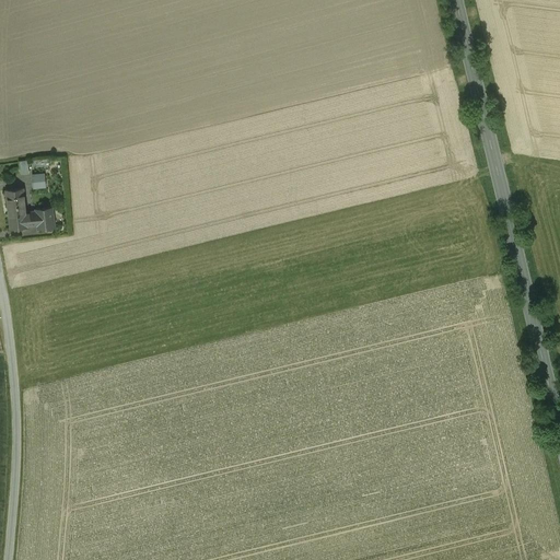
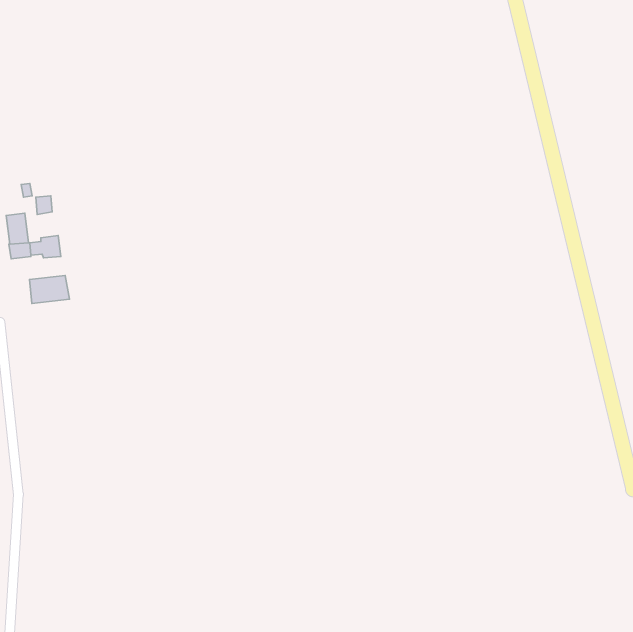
building: none -> [29,276,69,304]

